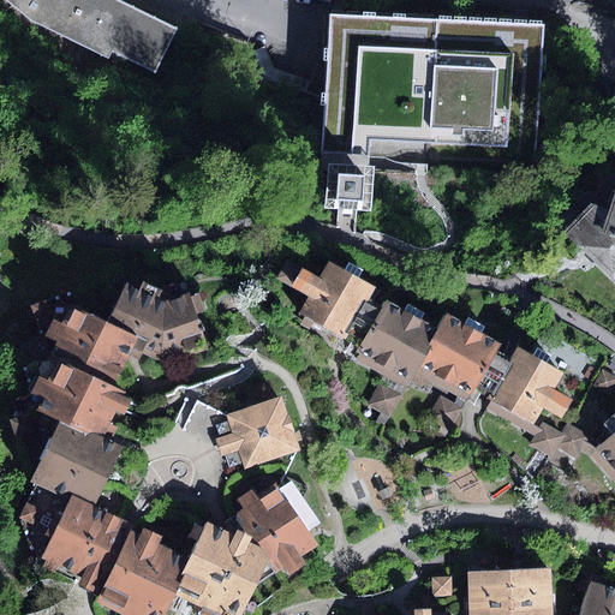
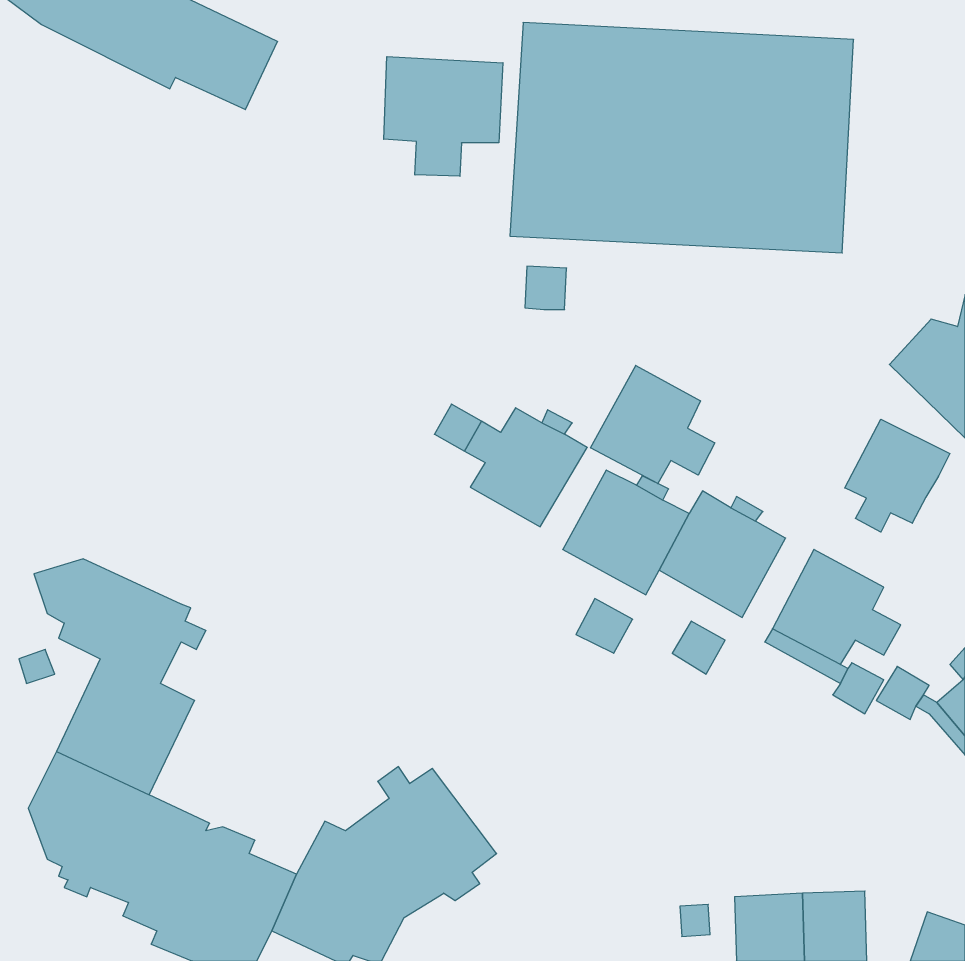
building: none -> [384,57,503,176]
building: none -> [591,365,715,484]
building: none -> [845,419,950,532]
building: [34,282,207,384] -> none
building: [216,394,300,467] -> none

